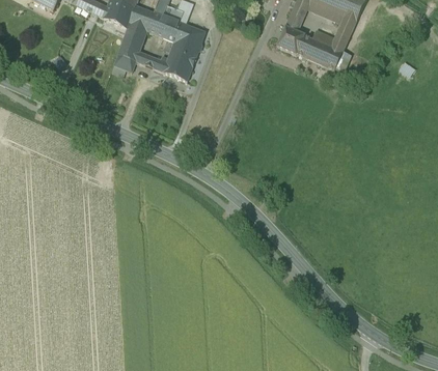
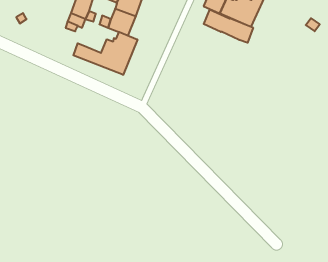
building: none -> [204,10,253,43]
building: none -> [73,32,137,75]

